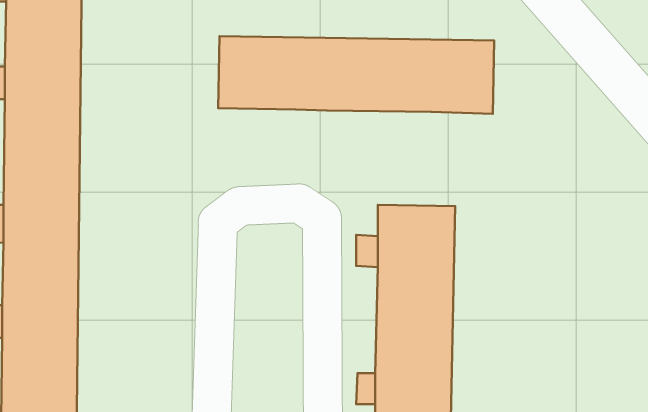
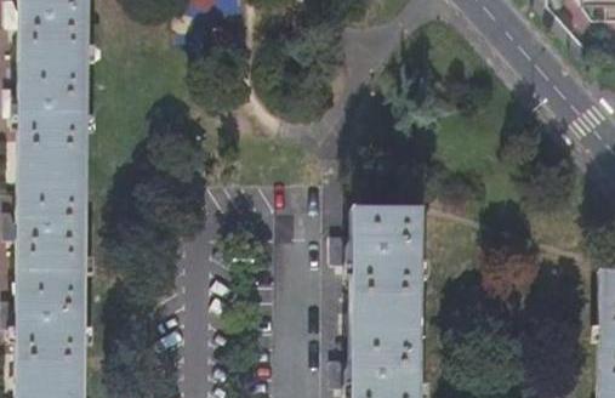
building: [218,36,494,114] -> none

